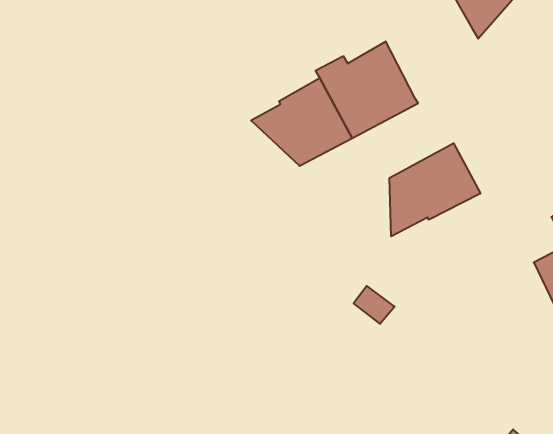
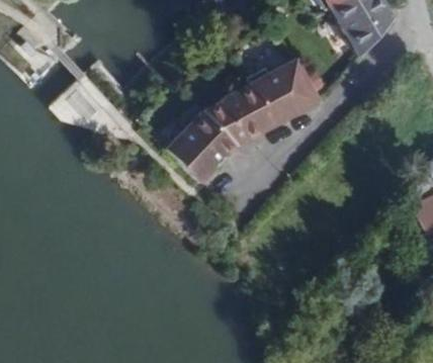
building: none -> [169,103,240,181]
building: [389,143,480,236] -> none

